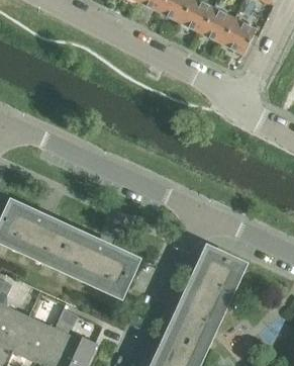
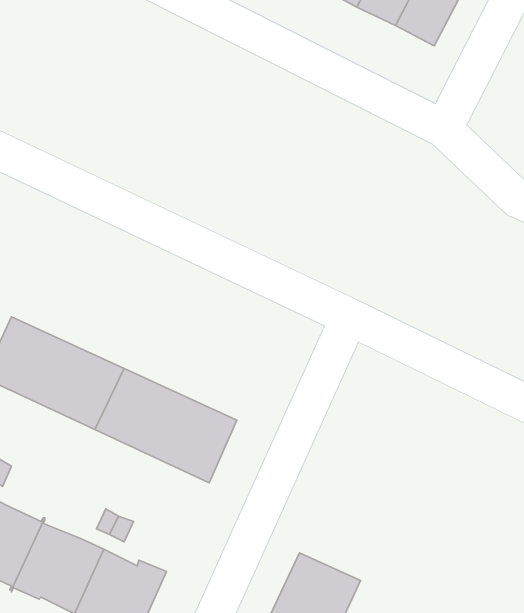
building: [169,248,241,347] -> none

